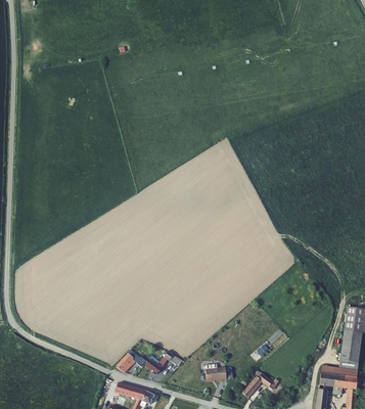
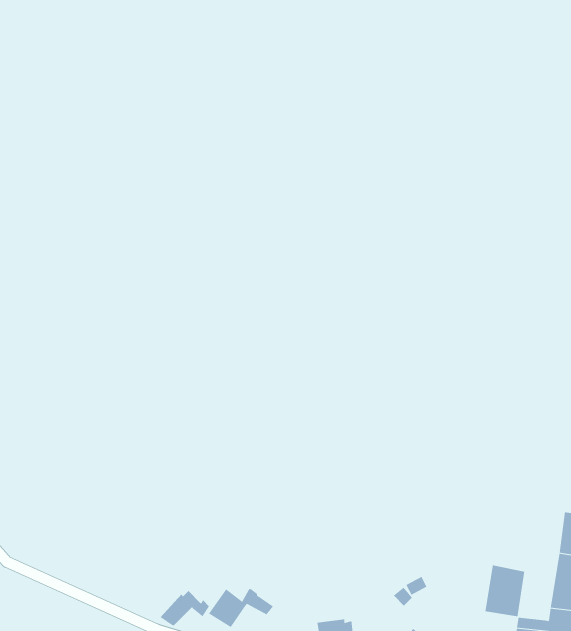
building: none -> [485,565,525,617]

